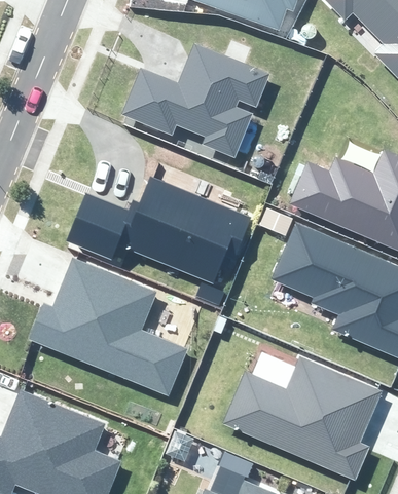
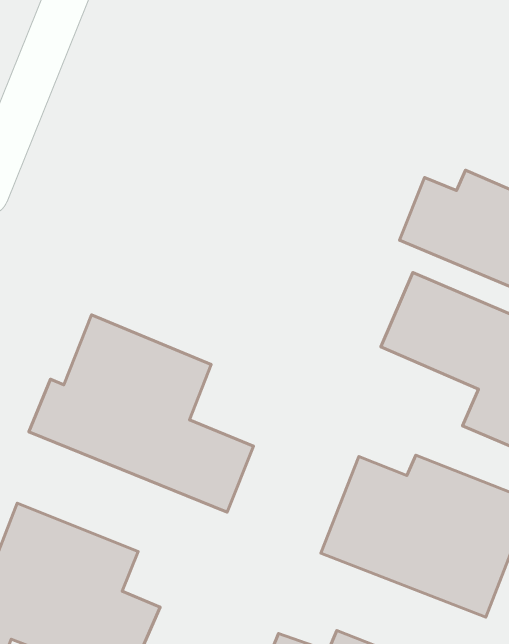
building: [120,42,270,157] -> none
building: [68,176,253,282] -> none

